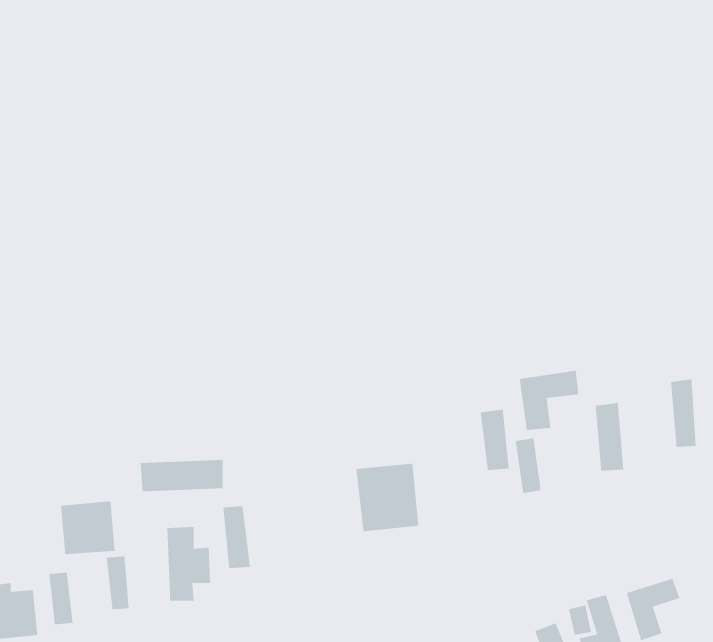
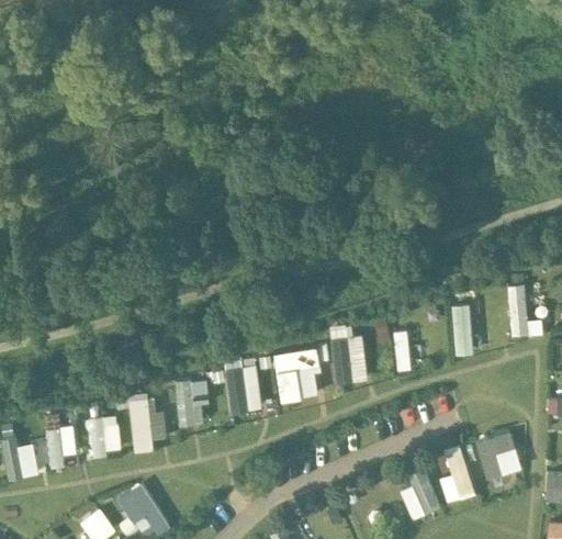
building: [519,370,579,431] -> none
building: [480,409,509,471] -> [331,337,353,383]
building: [140,459,223,492] -> none
building: none -> [225,367,249,414]
building: [60,500,115,555] -> none

